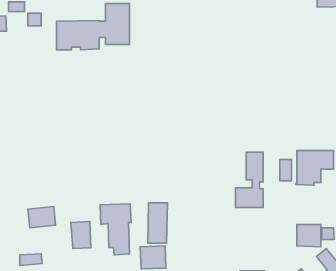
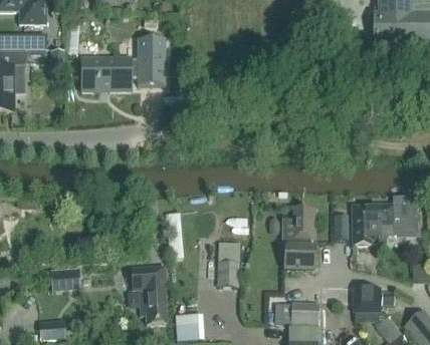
building: [148,203,167,243] -> [216,239,238,284]
building: [71,221,91,249] -> none
building: none -> [272,301,317,323]

